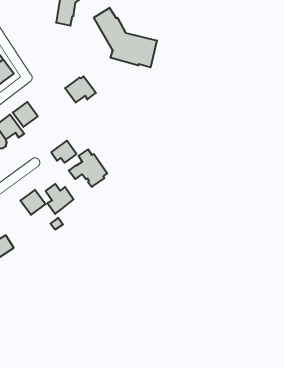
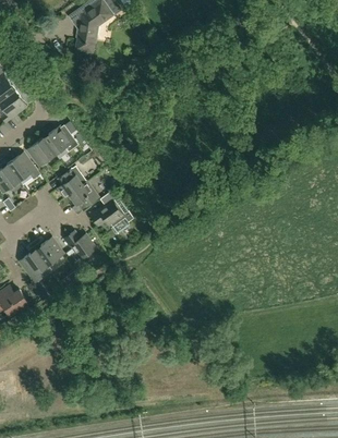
building: [94,8,157,67] -> none
building: [65,76,96,103] -> [43,124,77,154]
building: none -> [57,165,87,197]
building: none -> [19,248,47,282]

